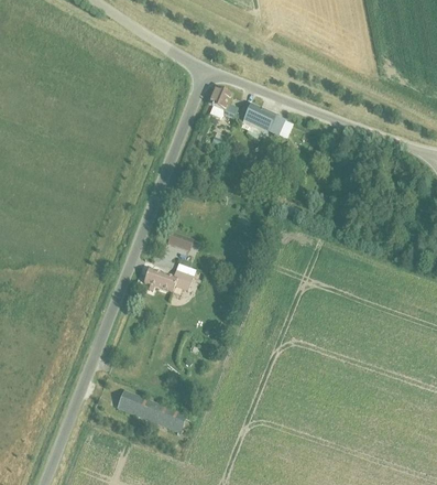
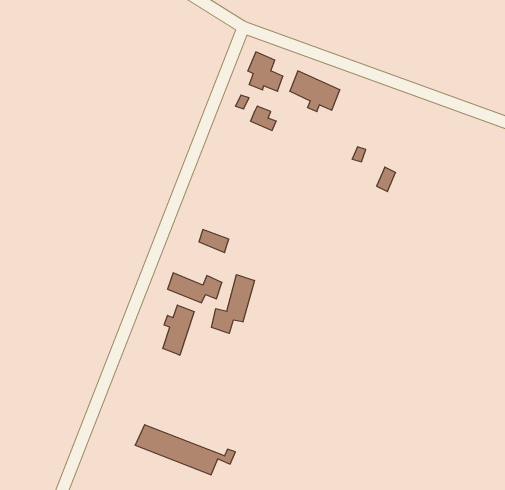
building: none -> [212,275,254,333]
building: none -> [163,305,194,355]

